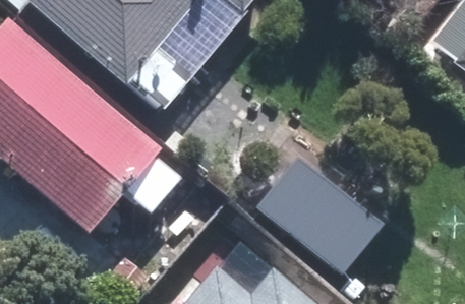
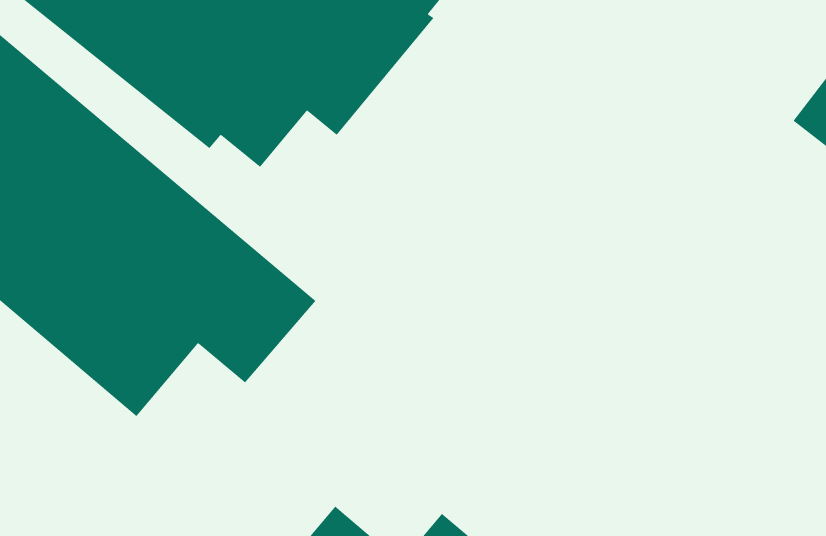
building: [256,151,384,269] -> none

